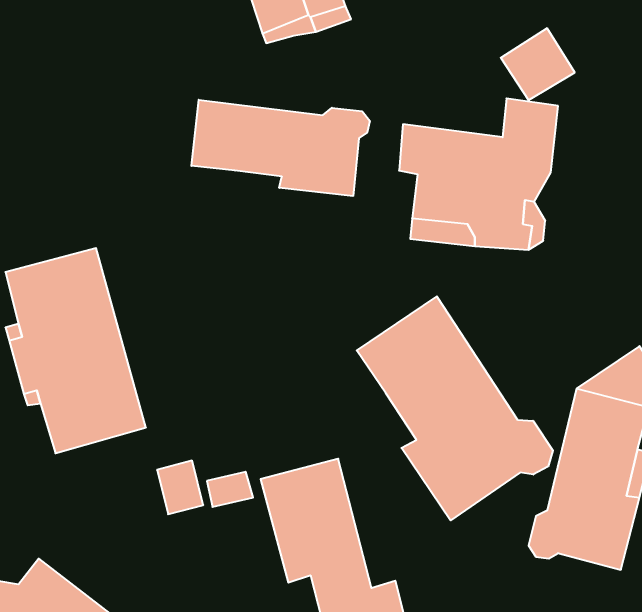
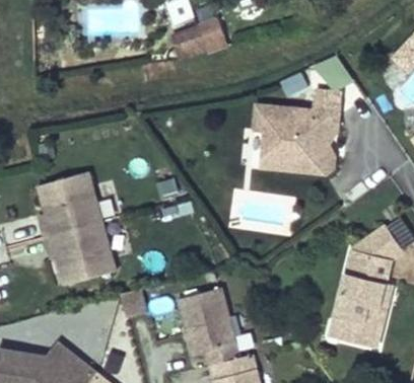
building: [191,100,370,196] -> none
building: [357,296,553,520] -> none

